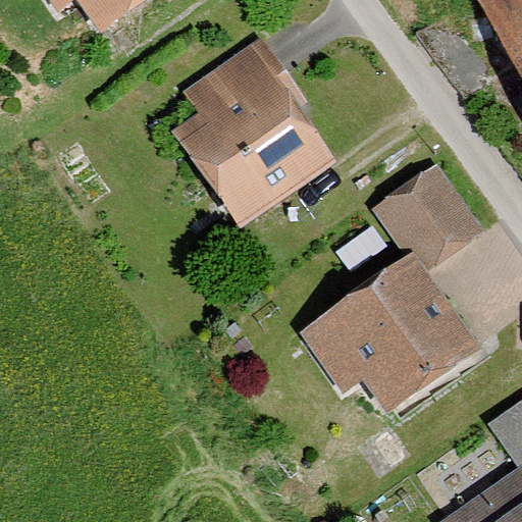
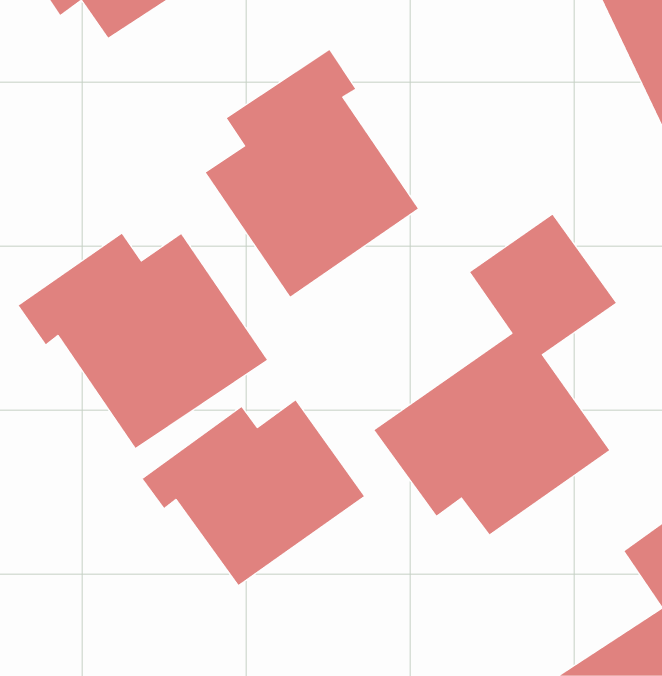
building: none -> [18,233,268,449]
building: none -> [142,400,365,586]

